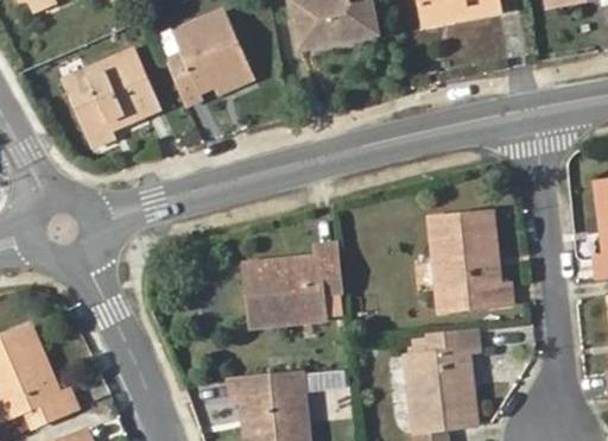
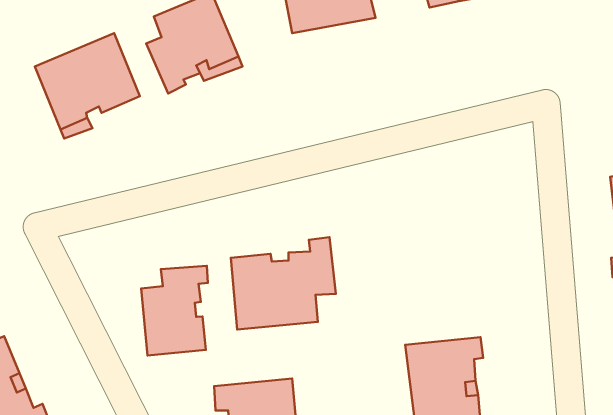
building: [432,213,509,310] -> none
building: none -> [141,266,208,356]

